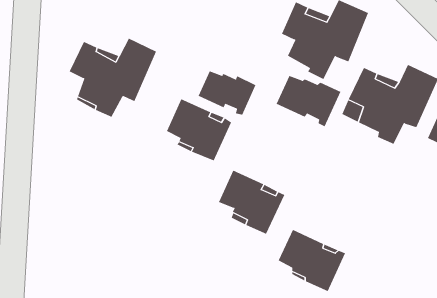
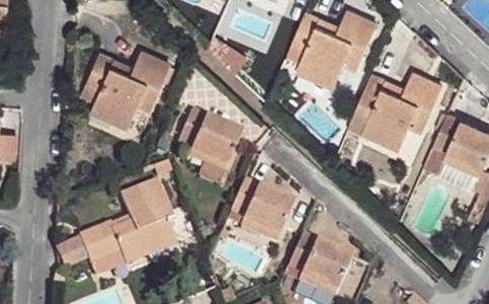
building: [198,71,256,116] -> none
building: [276,75,341,127] -> none
building: none -> [75,180,171,262]

